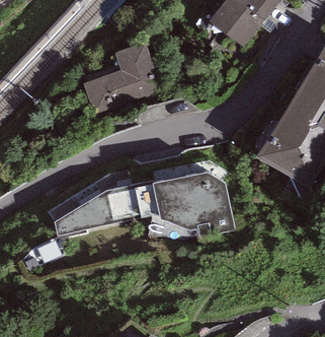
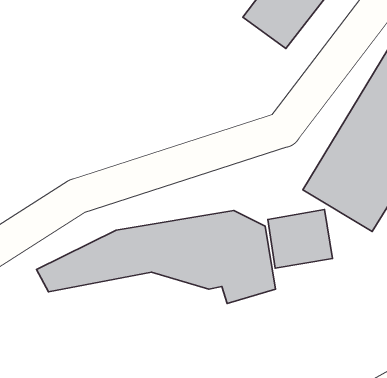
building: [80,43,162,118] -> none
building: none -> [268,209,333,268]

